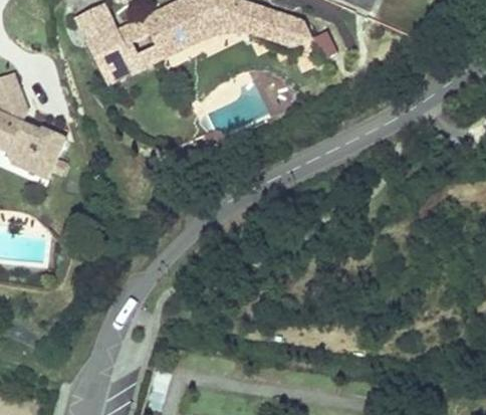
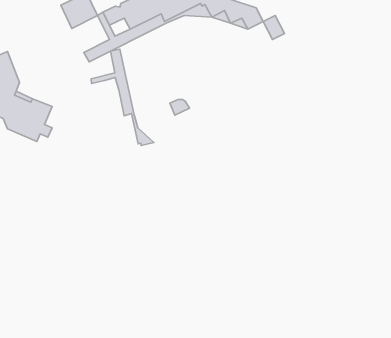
building: [88,30,133,73] -> none
building: none -> [91,49,154,146]

